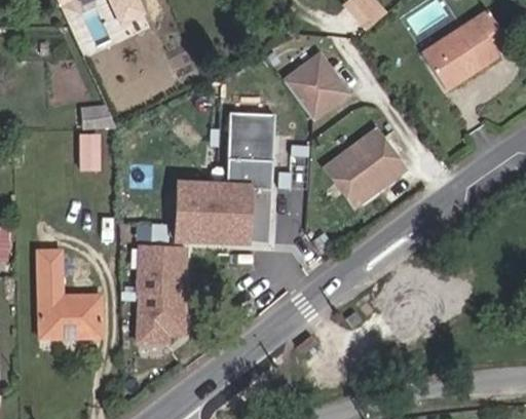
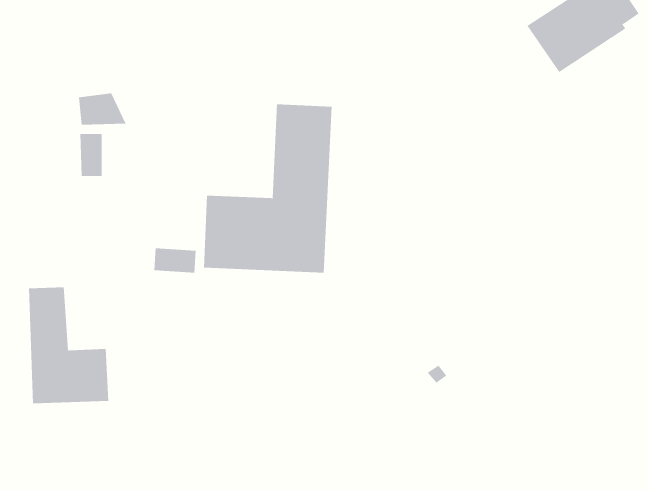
building: [284,53,346,117] -> none
building: [324,130,402,204] -> none
building: [136,243,189,347] -> none

